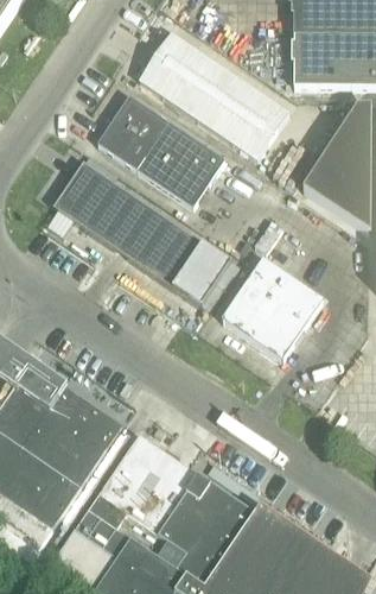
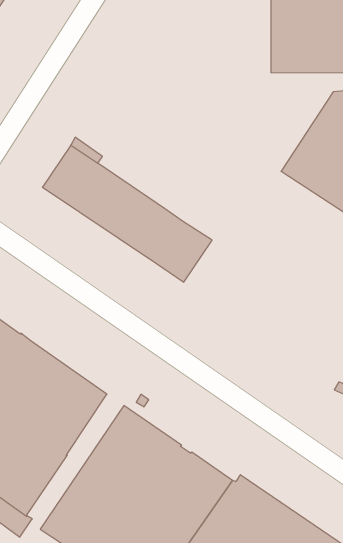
building: [140,32,289,159] -> none
building: [97,95,225,208] -> none
building: [222,259,325,361] -> none

